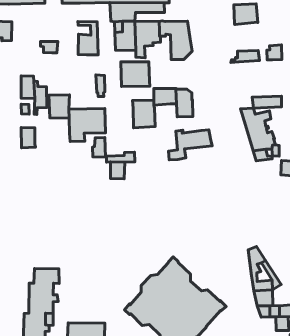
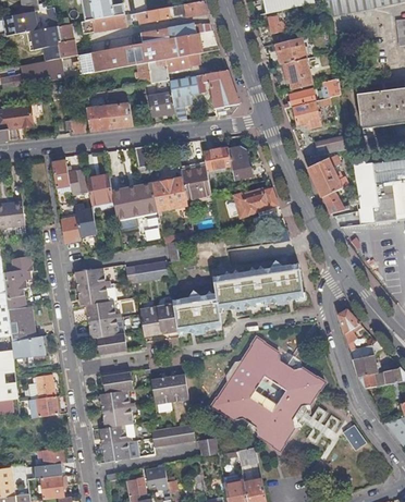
building: none -> [84,90,111,130]
building: none -> [282,58,312,89]
building: none -> [293,99,321,128]
building: [121,62,150,86] -> [151,177,188,210]
building: none -> [75,207,97,236]
building: none -> [75,267,126,354]
building: none -> [125,260,169,282]
building: none -> [139,264,303,335]
building: none -> [150,374,187,412]

